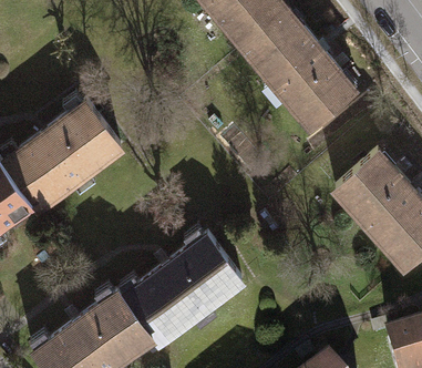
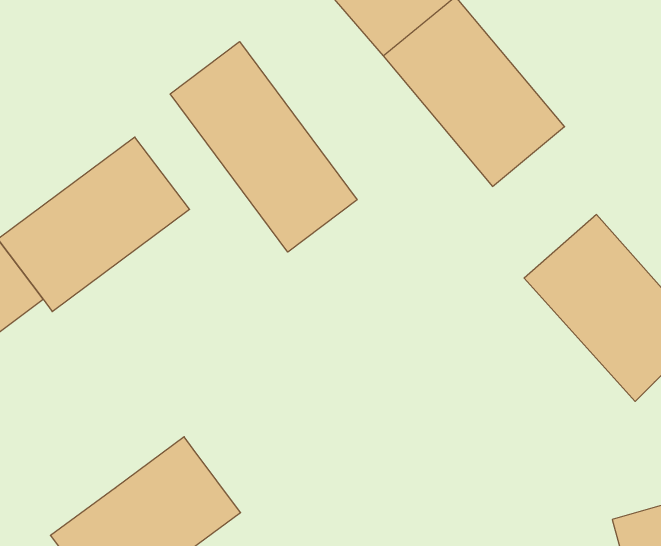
building: none -> [170,42,357,252]
building: [124,232,239,338] -> none

